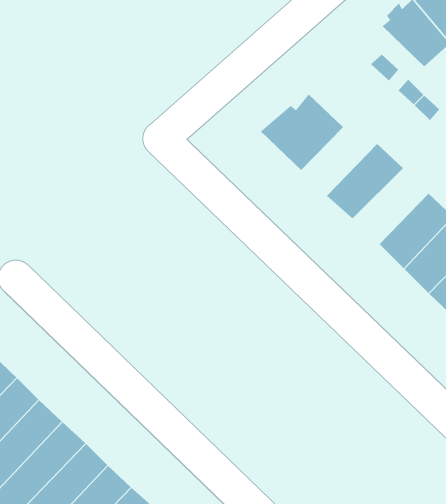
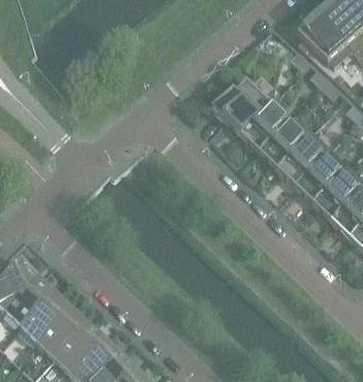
building: none -> [242,100,296,149]
building: none -> [278,129,332,183]

